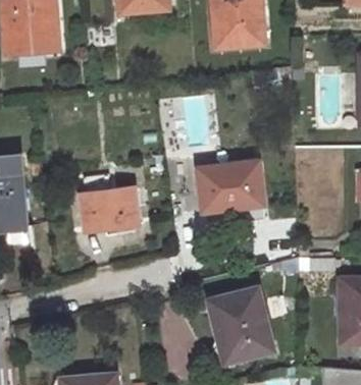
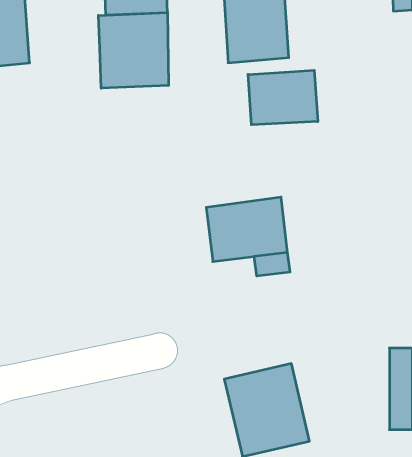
building: none -> [98,13,169,88]
building: none -> [248,70,318,125]
building: [78,185,137,229] -> none

